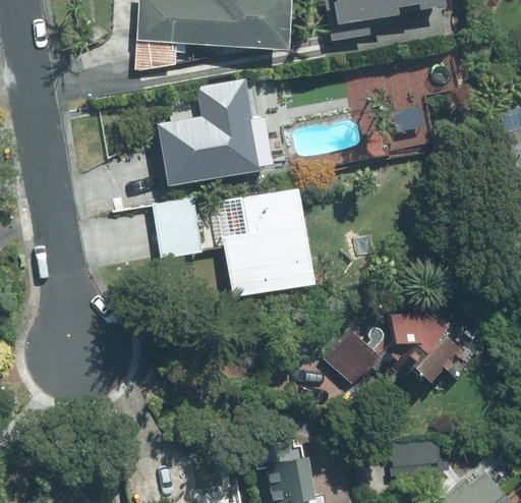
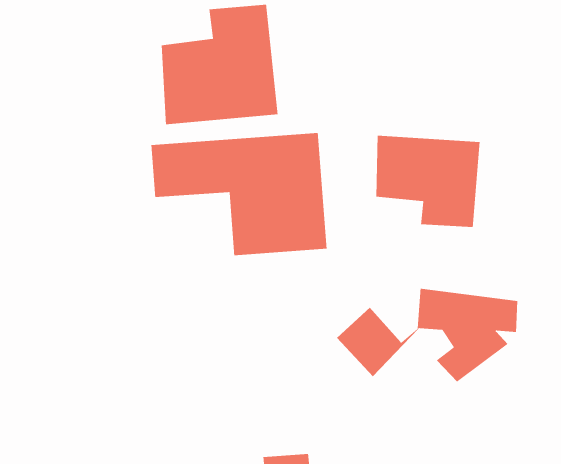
building: none -> [375,135,481,228]

